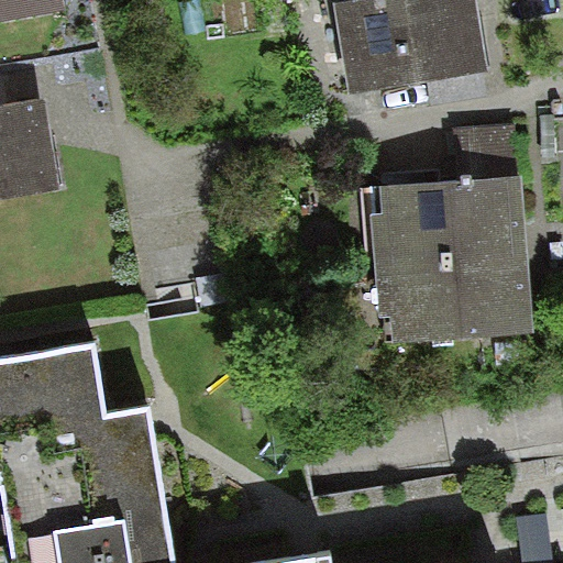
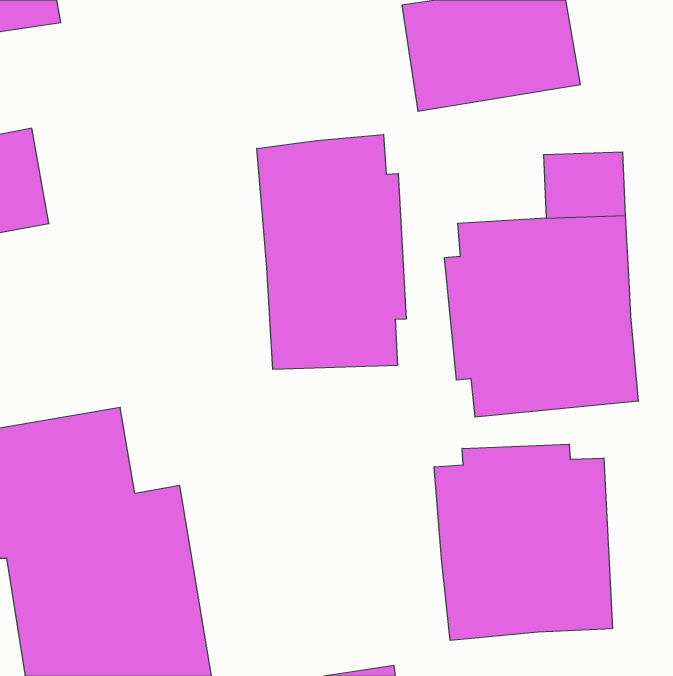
building: none -> [257,134,406,369]
building: none -> [434,444,612,640]

